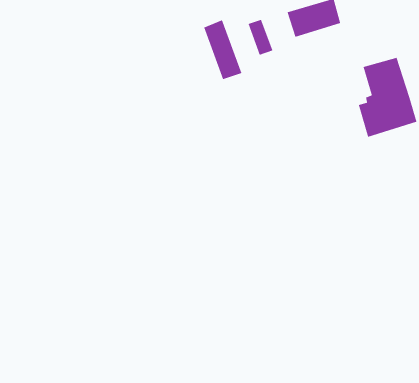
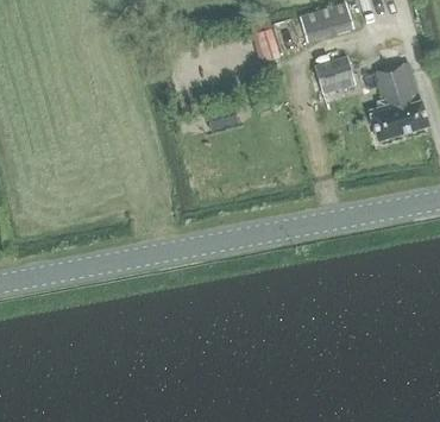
building: [203,19,243,80] -> none
building: none -> [315,62,356,96]

